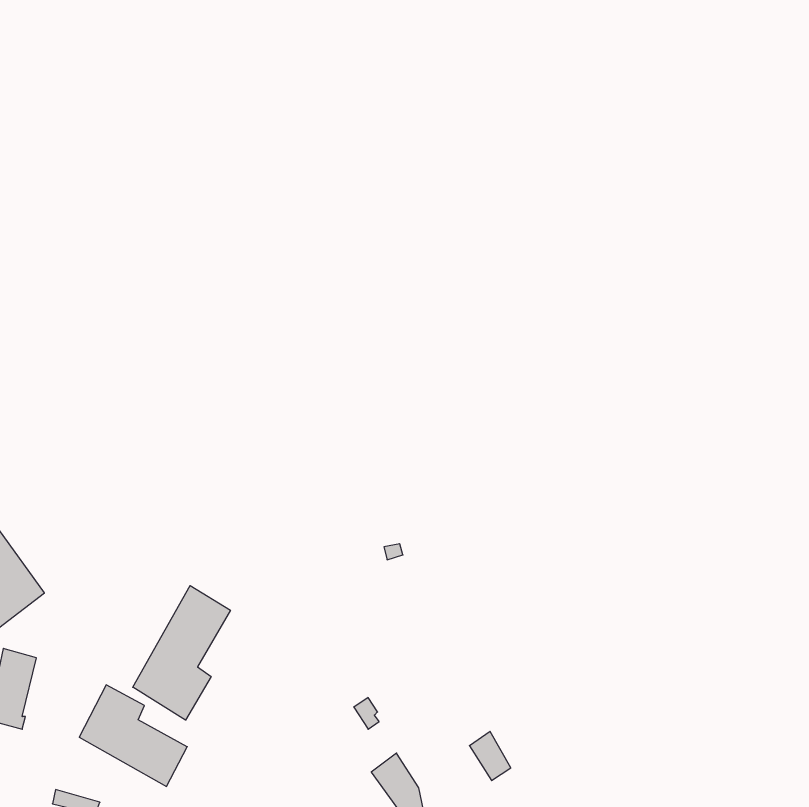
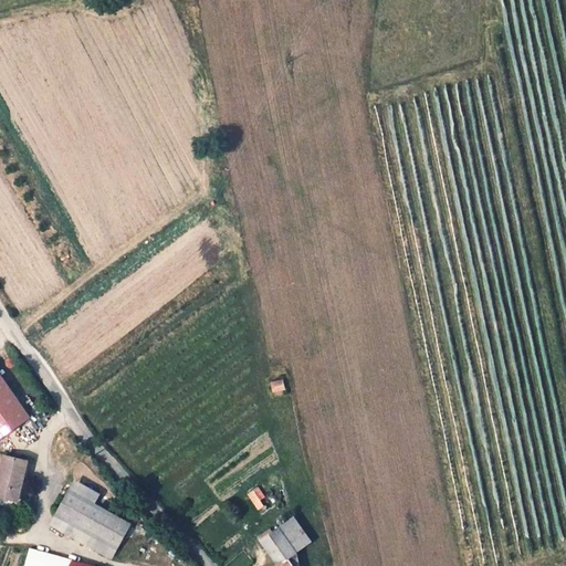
building: [133,586,230,720] -> none
building: [469,731,511,781] -> [276,517,305,552]

